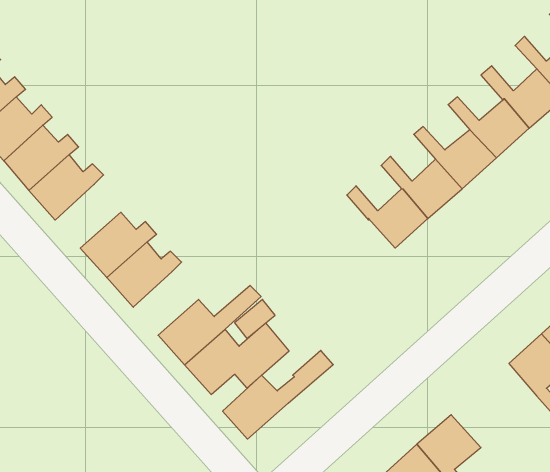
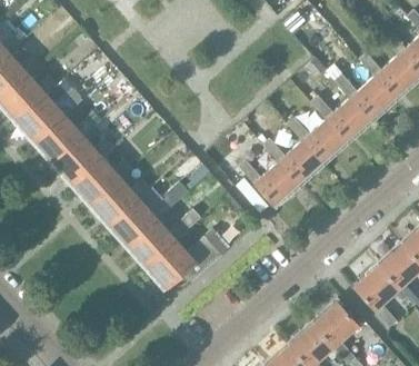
building: none -> [54,138,108,184]
building: none -> [238,161,297,206]
building: [223,350,333,439] -> [110,182,189,246]
building: none -> [353,266,398,328]

